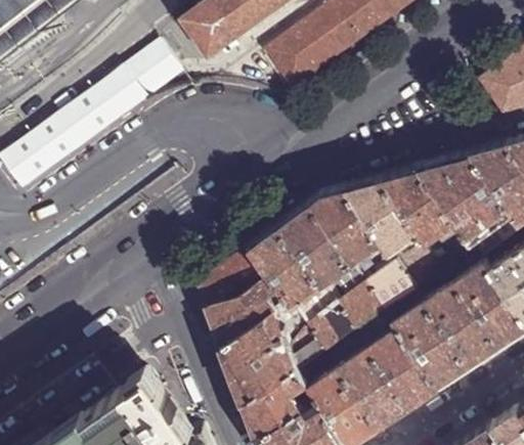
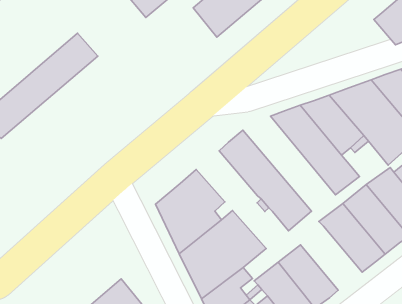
building: [122,43,179,98] -> none
building: [312,187,418,308] -> none
building: [252,224,357,347] -> none
building: [370,325,442,404] -> none

